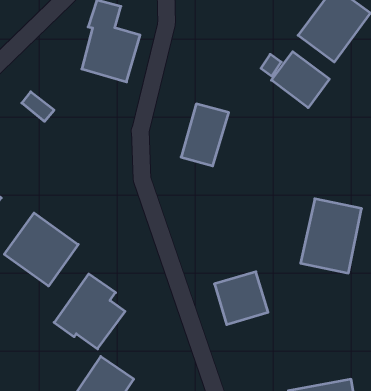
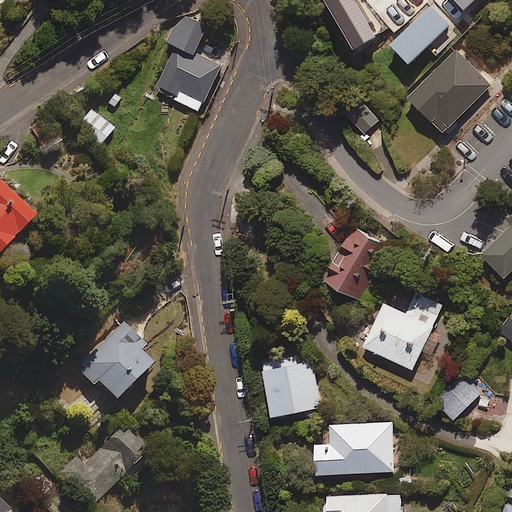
building: [271,52,329,108] -> none
building: [181,104,229,166] -> [329,230,391,303]
building: [4,213,78,286] -> none
building: none -> [314,419,392,466]

